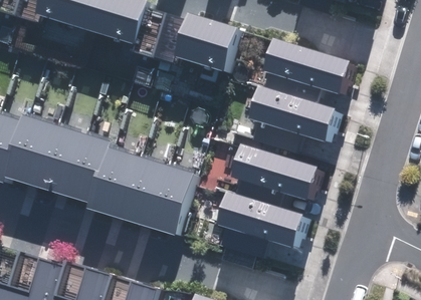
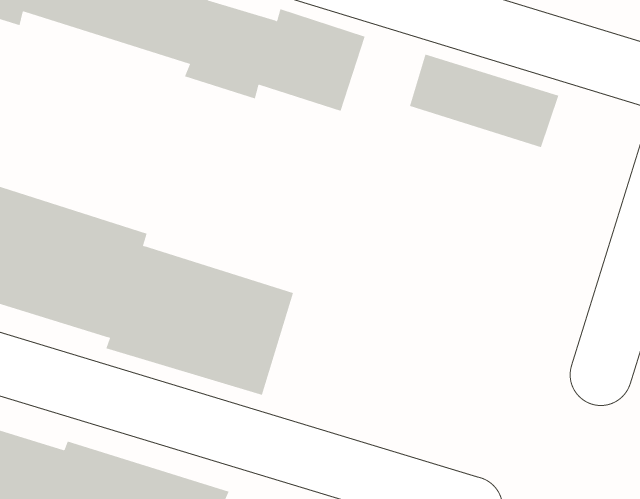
building: [247,88,334,142] -> none
building: [231,144,318,199] -> none
building: [217,193,303,246] -> none

